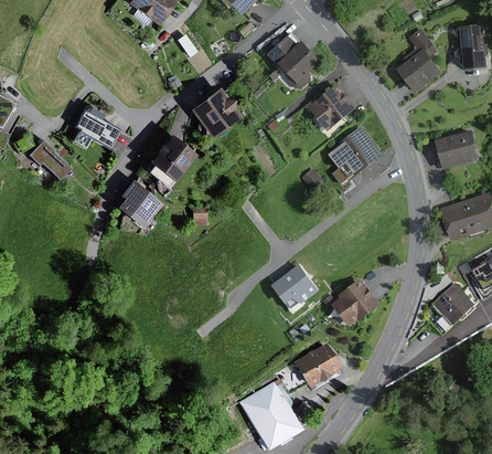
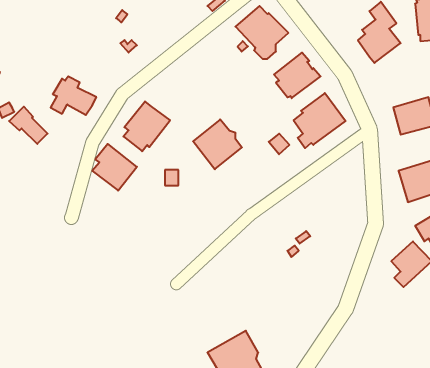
building: [189,86,240,139] -> [193,119,242,169]
building: [271,261,322,306] -> none
building: [331,277,381,326] -> none
building: [291,342,339,388] -> none

